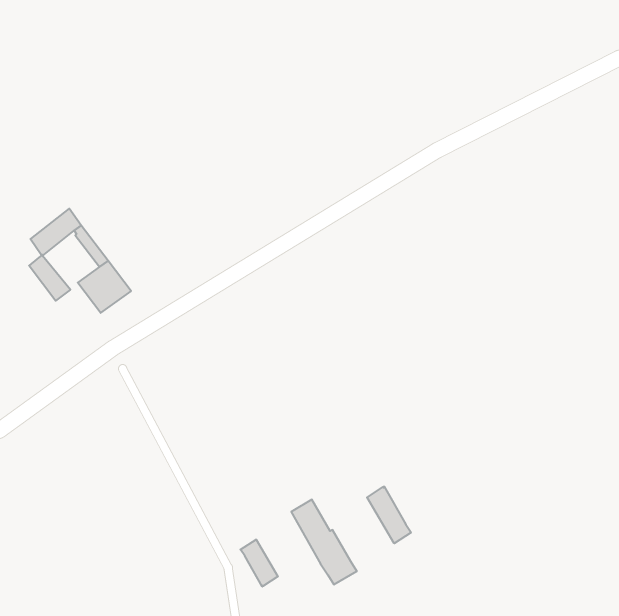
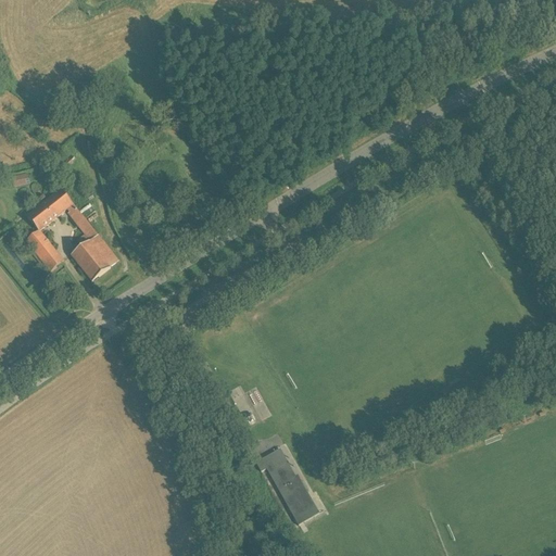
building: [367,486,411,543] -> none
building: [240,539,278,587] -> none

